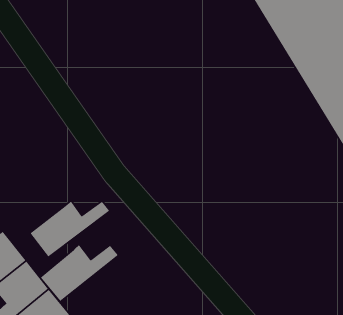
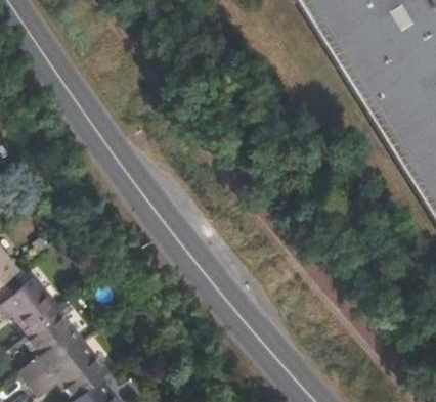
building: [29,200,110,257] -> none
building: [40,244,119,302] -> none

